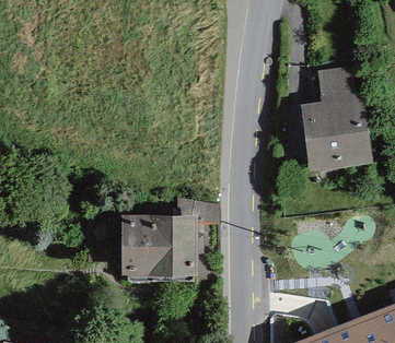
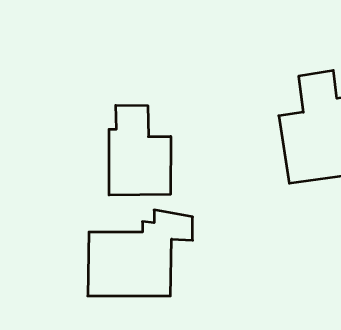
building: none -> [109,105,171,195]

